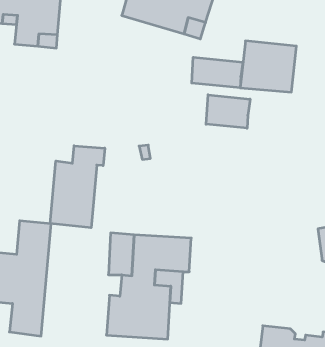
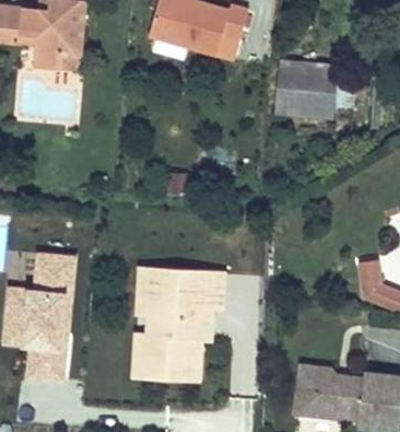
building: [192,57,243,88] -> none
building: [206,95,250,128] -> none
building: [50,146,105,228] -> none

